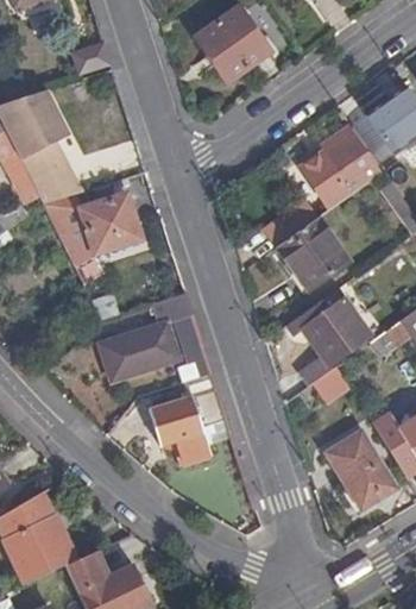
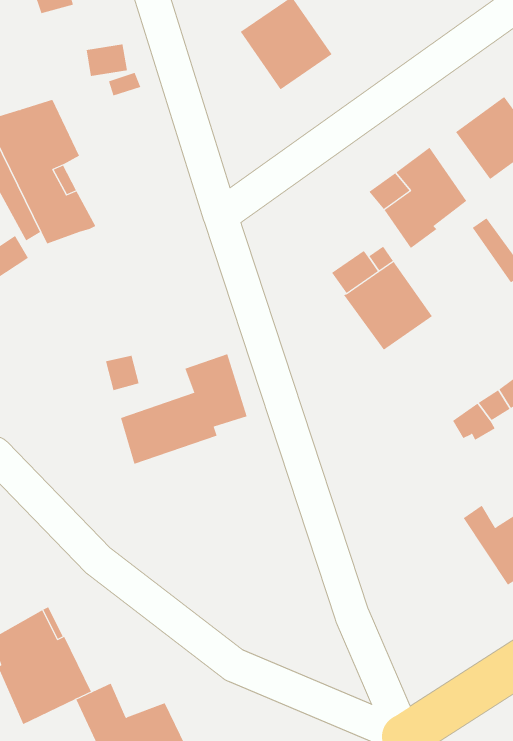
building: [42,193,140,263] -> none
building: [289,288,370,382] -> none
building: [151,388,226,462] -> none
building: [328,433,392,507] -> none

